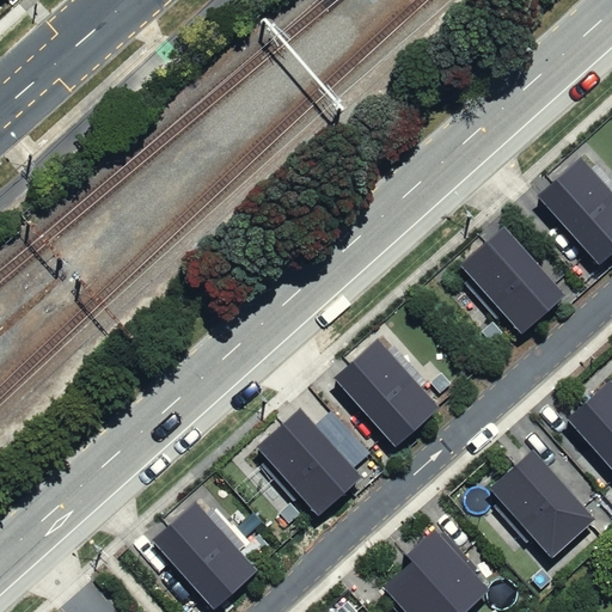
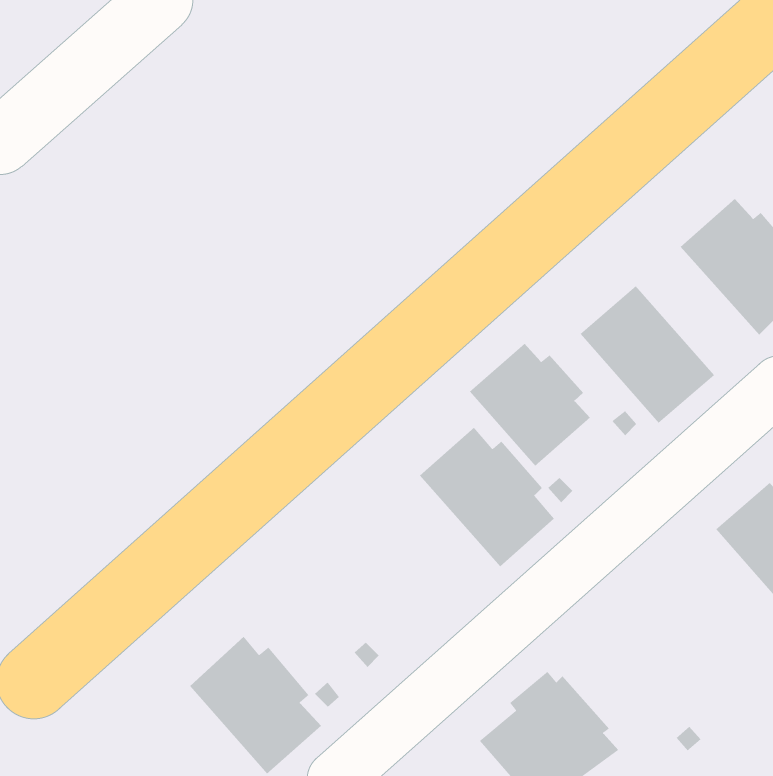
building: none -> [469,343,591,467]
building: [256,408,362,516] -> none
building: [489,449,594,558] -> none

